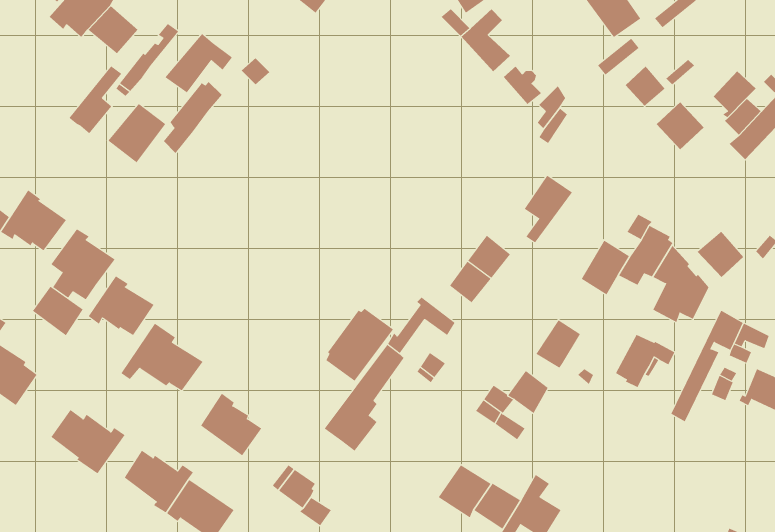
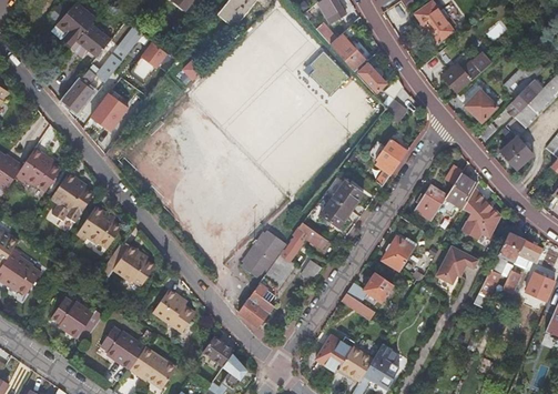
building: [163,81,222,154] -> none
building: [697,231,744,278] -> [499,135,531,168]
building: [32,286,84,336] -> none

